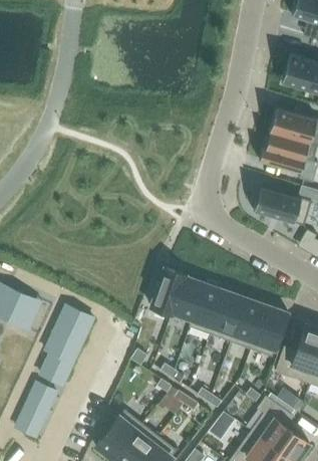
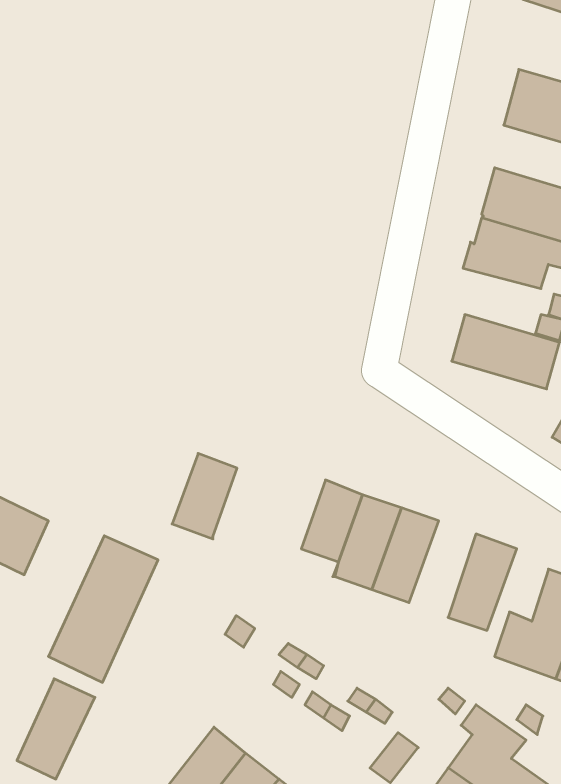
building: [149,267,185,313] -> [172,453,237,539]
building: [230,297,266,350] -> none

